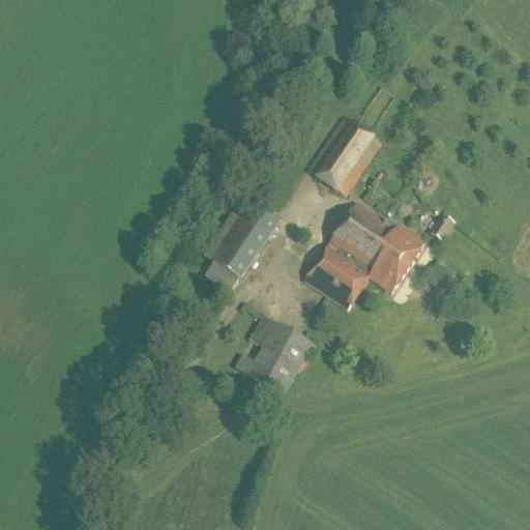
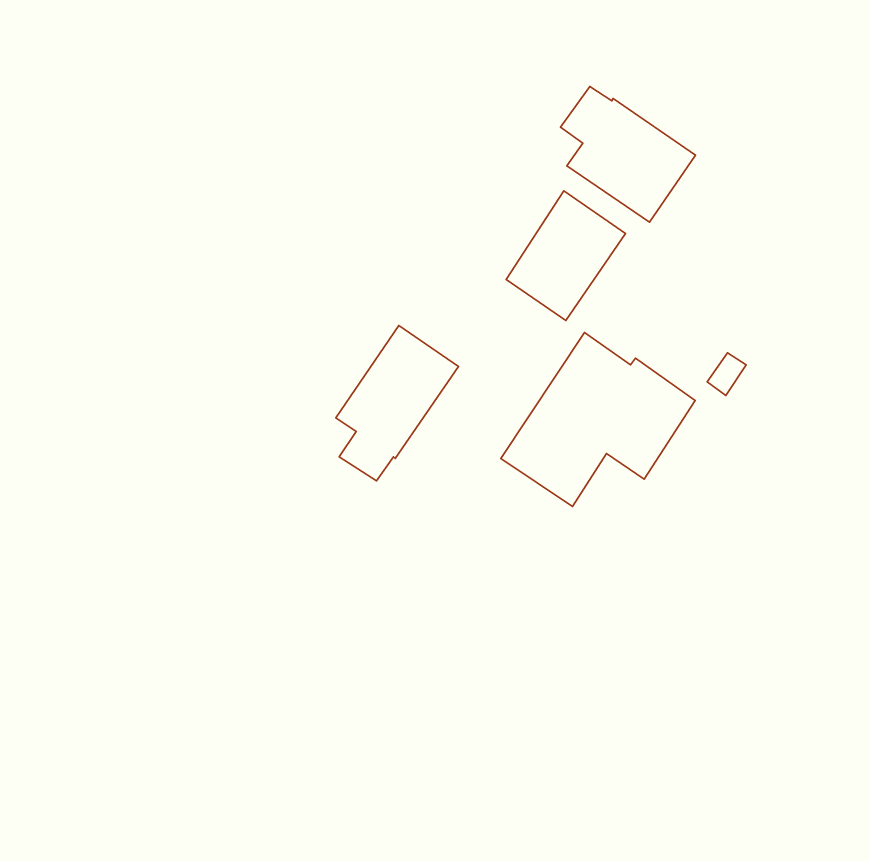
building: none -> [560,87,695,222]
building: [234,315,312,392] -> none

